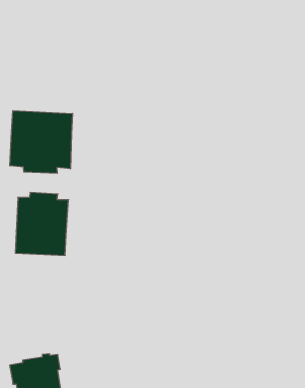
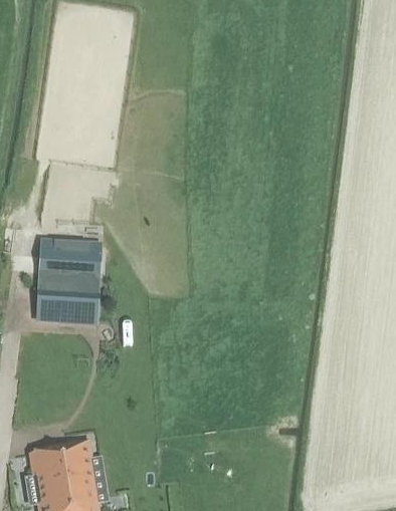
building: [10,111,73,173] -> none

